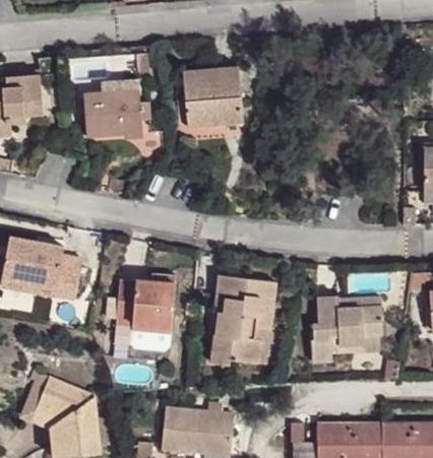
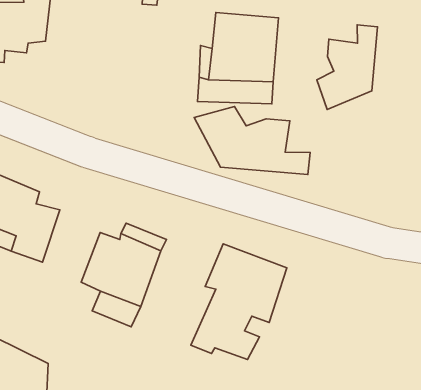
building: none -> [317,25,377,109]
building: [85,86,141,139] -> none
building: none -> [194,106,310,175]
building: [312,295,386,364] -> none

